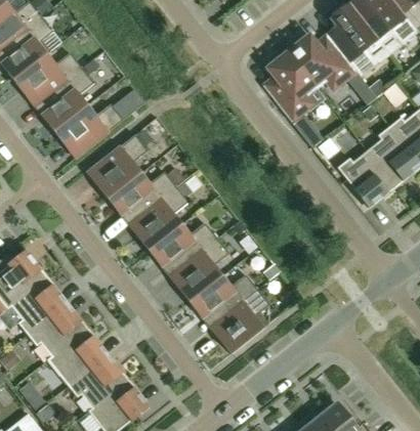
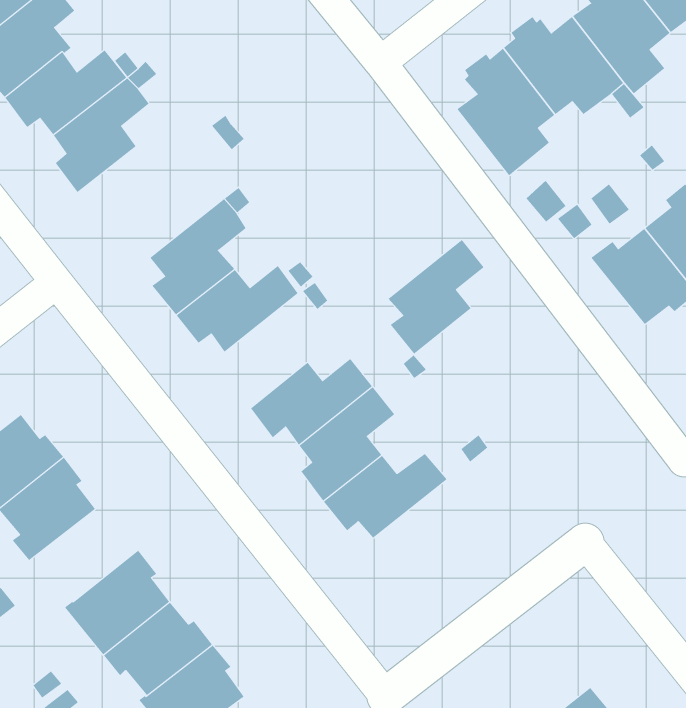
building: [53,103,122,152] -> none
building: [134,186,187,250] -> [388,239,485,355]
building: [216,289,269,353] -> none
building: [27,305,87,356] -> none

